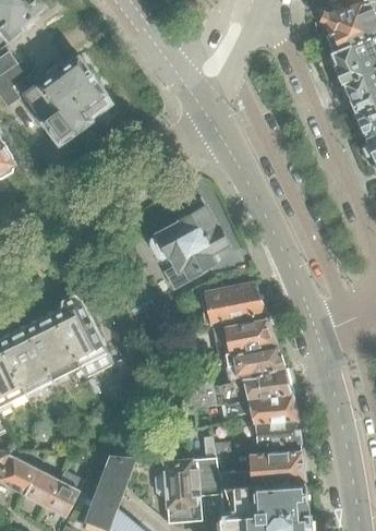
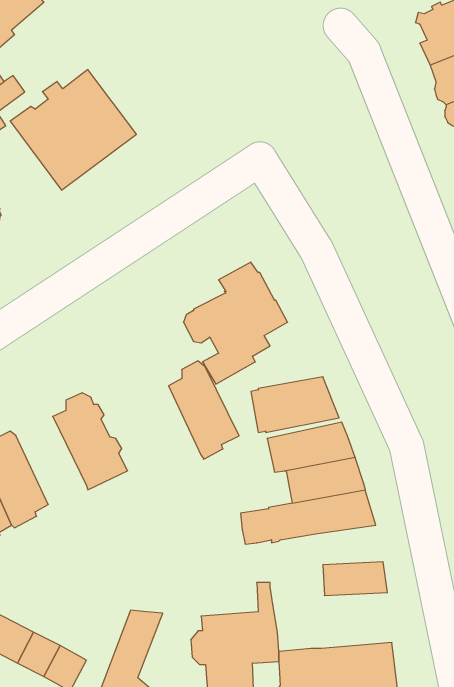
building: [25,309,77,382] -> [169,361,239,459]
building: [220,394,298,423] -> none
building: [219,450,304,487] -> none

